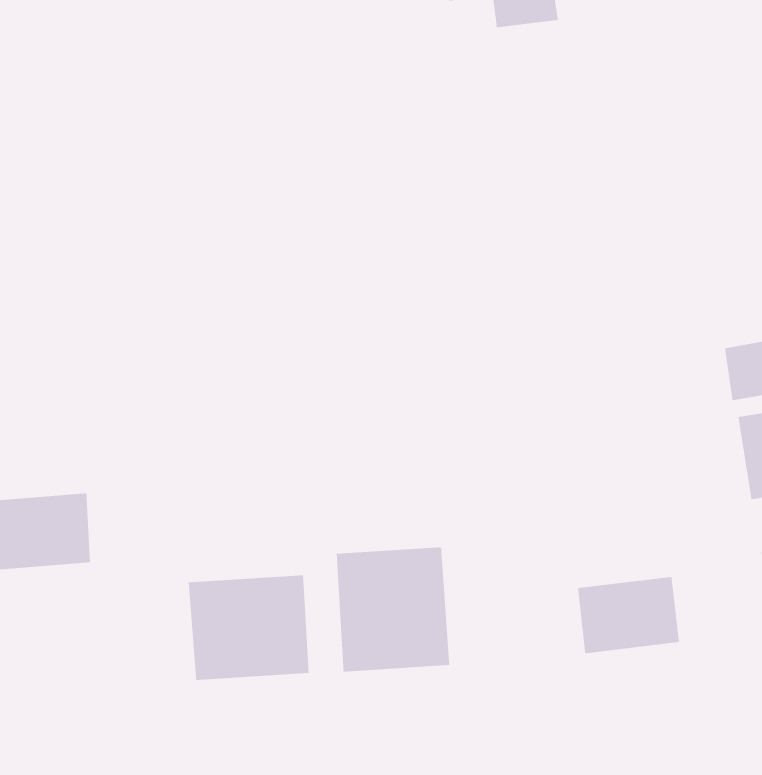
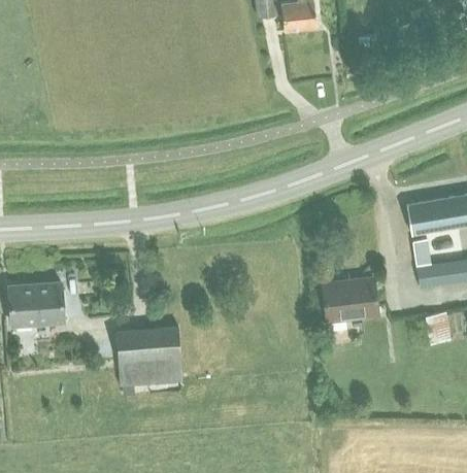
building: [336,546,450,672] -> none
building: [577,576,680,654] -> [322,277,377,319]

